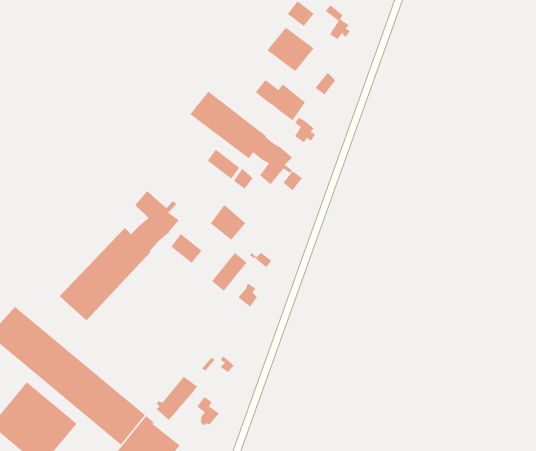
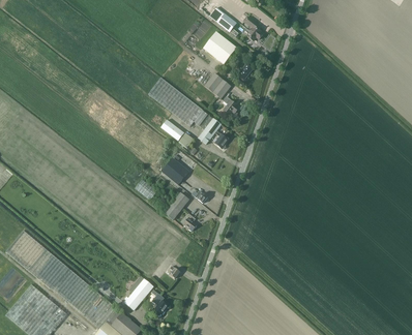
building: [59,190,179,321] -> none

